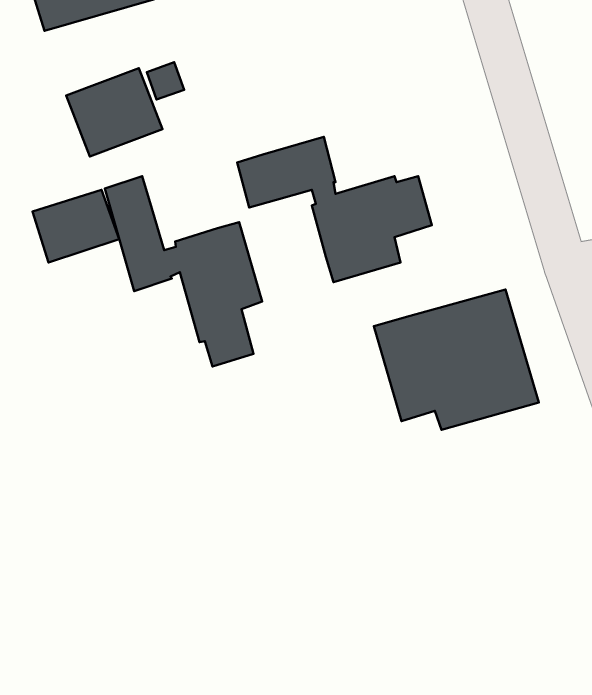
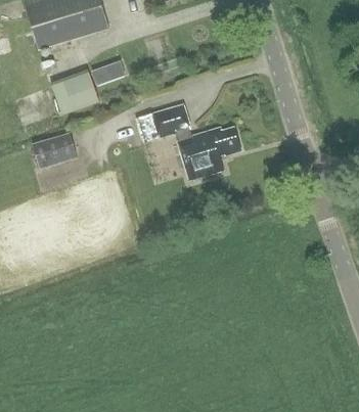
building: [105,176,262,367] -> none
building: [374,290,539,430] -> none

